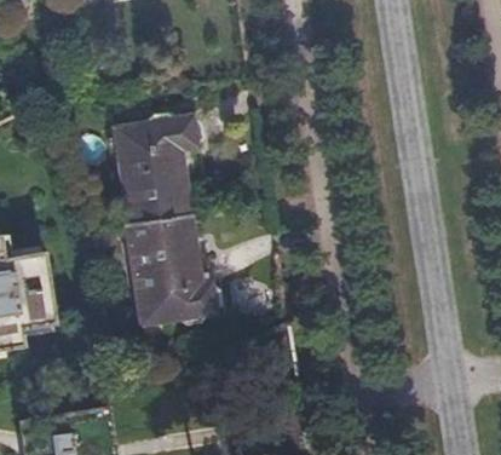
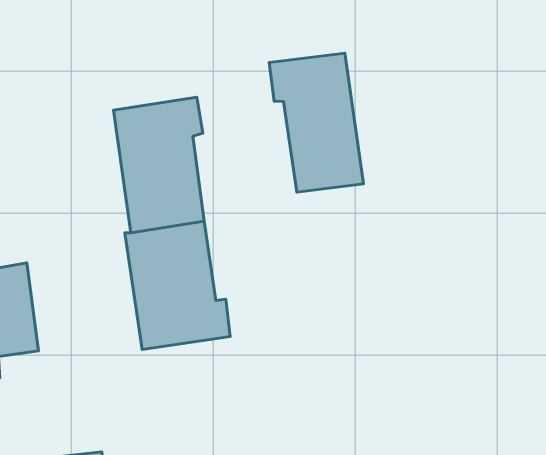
building: none -> [269,53,363,192]

